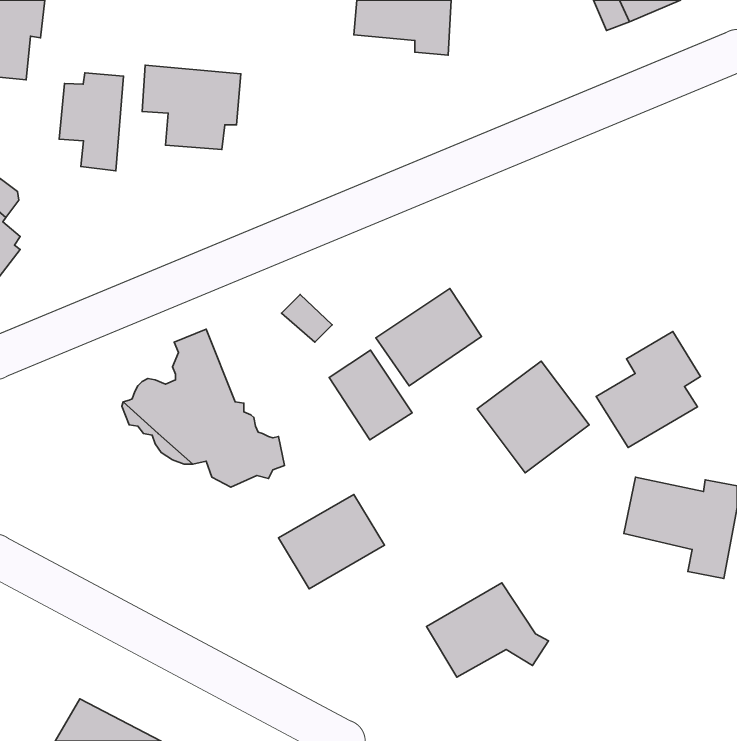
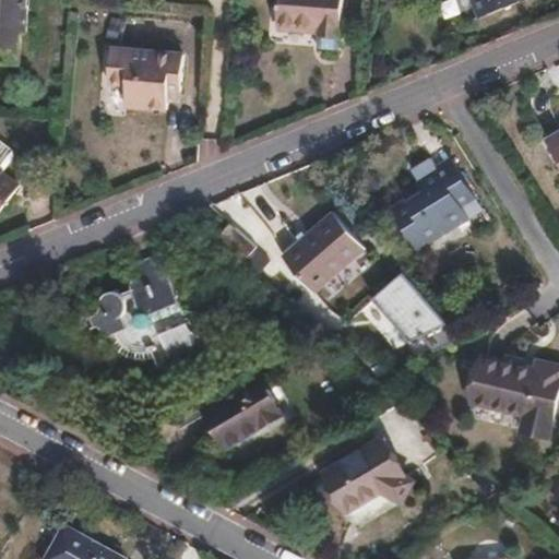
building: [59,73,123,171] -> none
building: [596,331,701,447] -> [390,159,468,247]
building: [329,350,412,440] -> none

